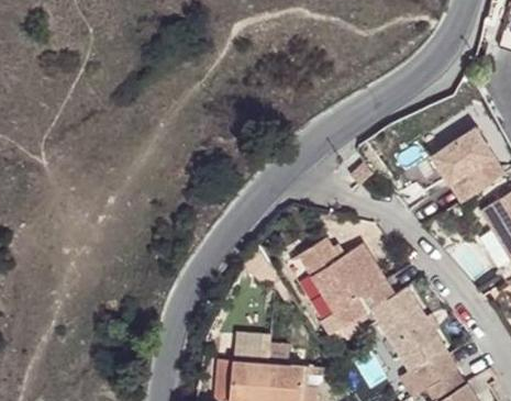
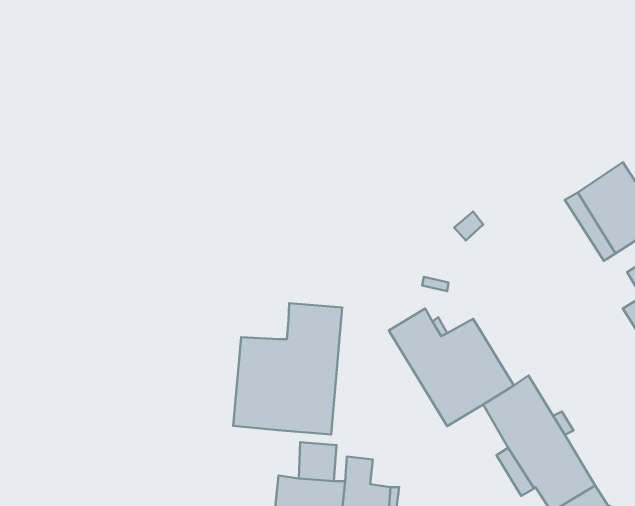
building: none -> [233,303,342,435]

